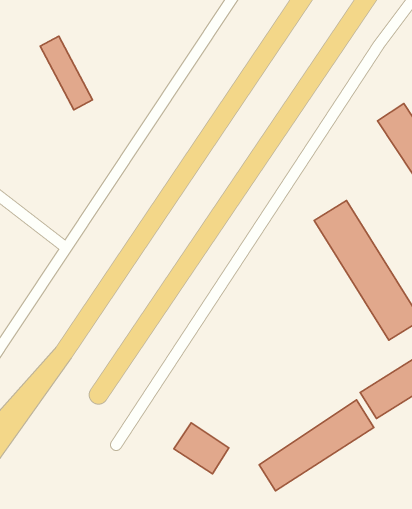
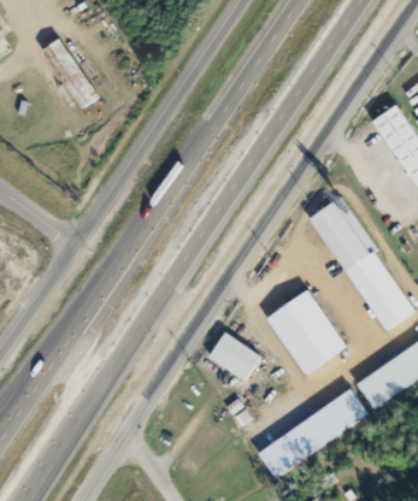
building: none -> [266,289,347,375]
building: [174,423,229,474] -> [208,331,261,381]

